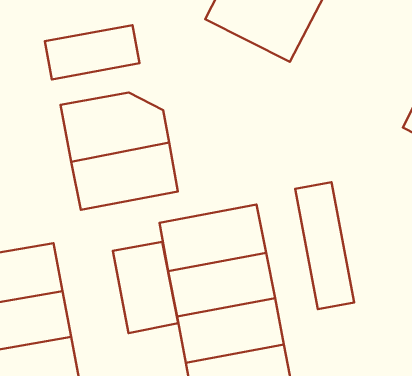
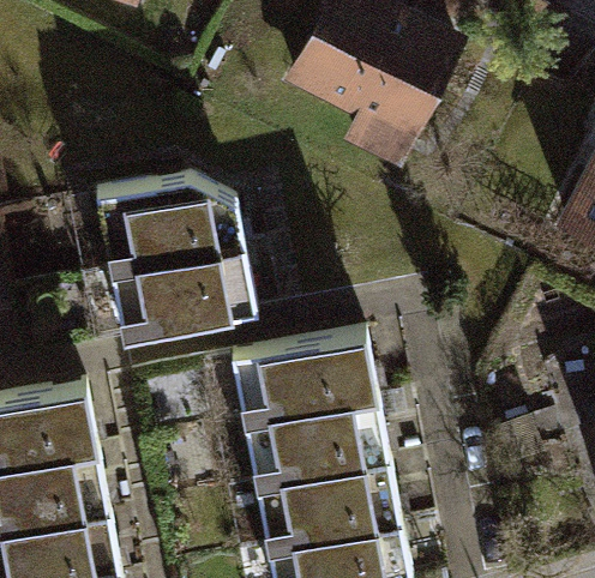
building: [45,25,139,79] -> none
building: [295,182,354,309] -> none
building: [113,242,178,333] -> none

